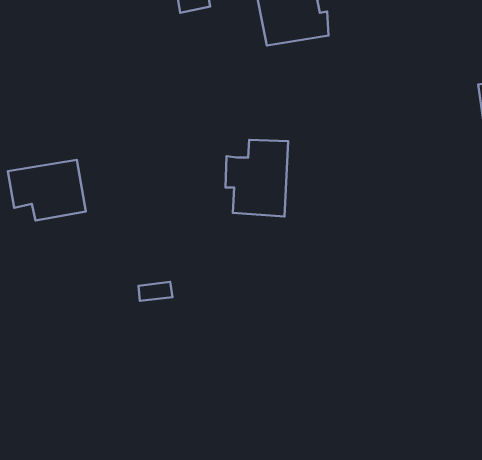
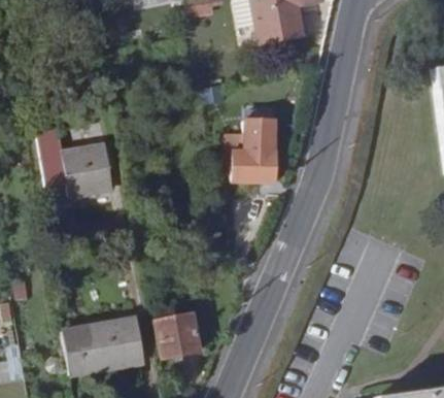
building: none -> [74,310,143,362]
building: none -> [156,316,199,361]

